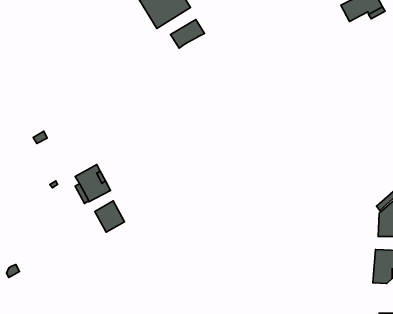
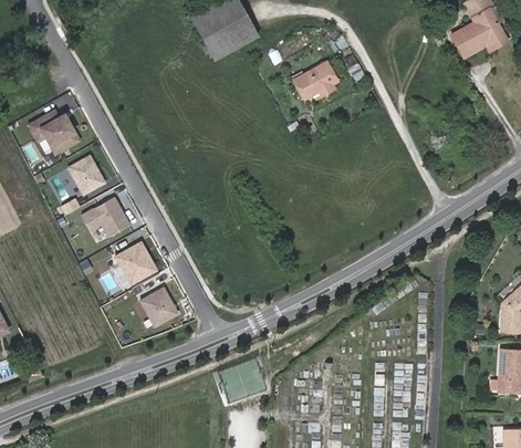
building: [170,20,204,48] -> [298,63,341,100]
building: none -> [29,108,79,150]
building: none -> [69,154,104,191]
building: none -> [81,195,129,233]

